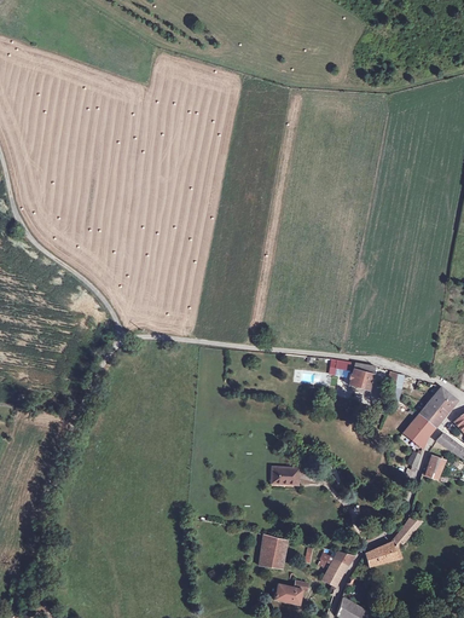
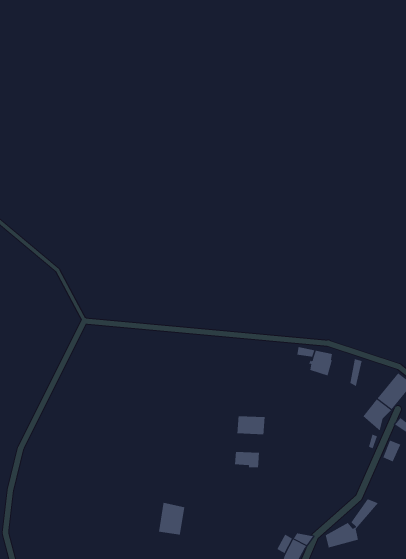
building: none -> [237,415,265,435]
building: [259,535,286,568] -> [158,502,185,535]

